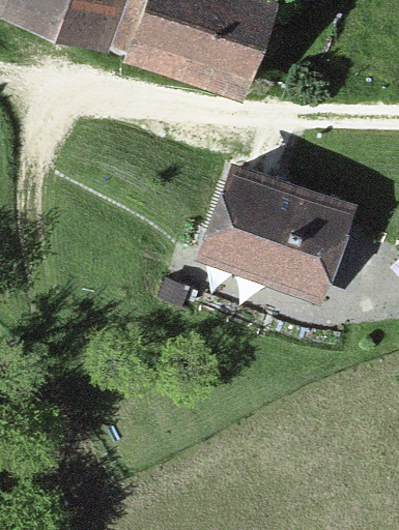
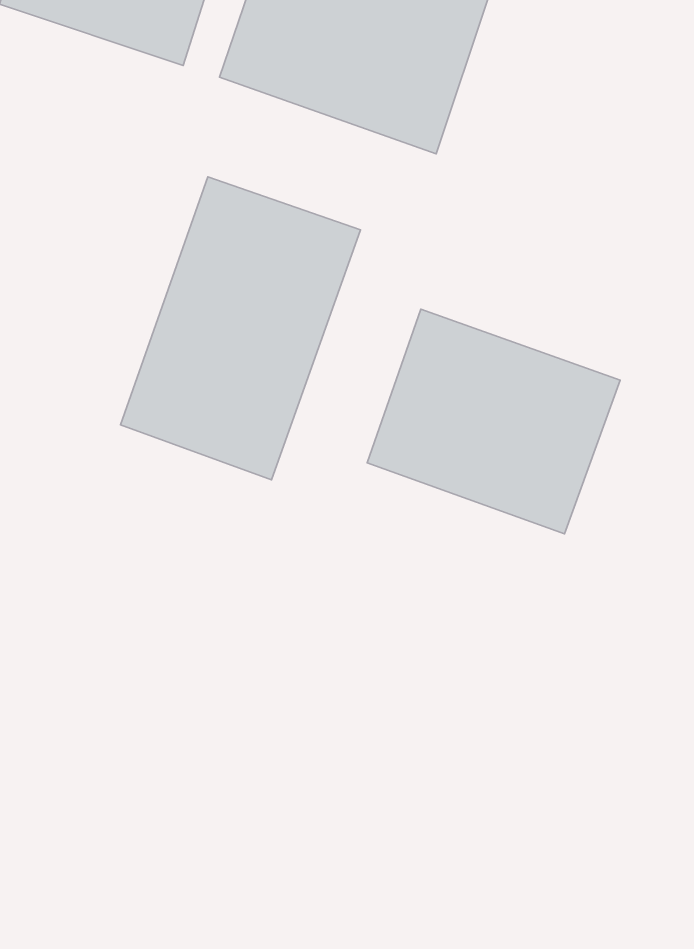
building: none -> [120,177,360,480]

